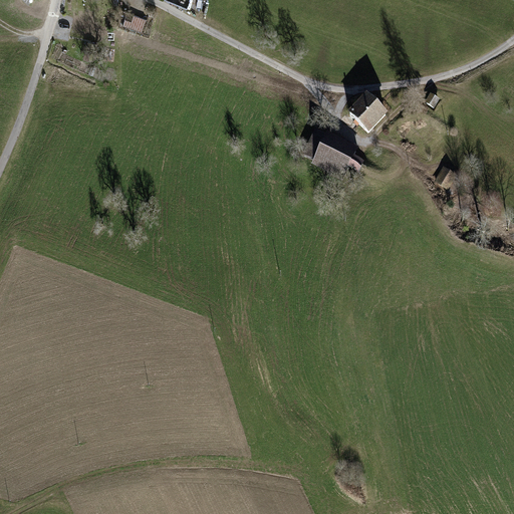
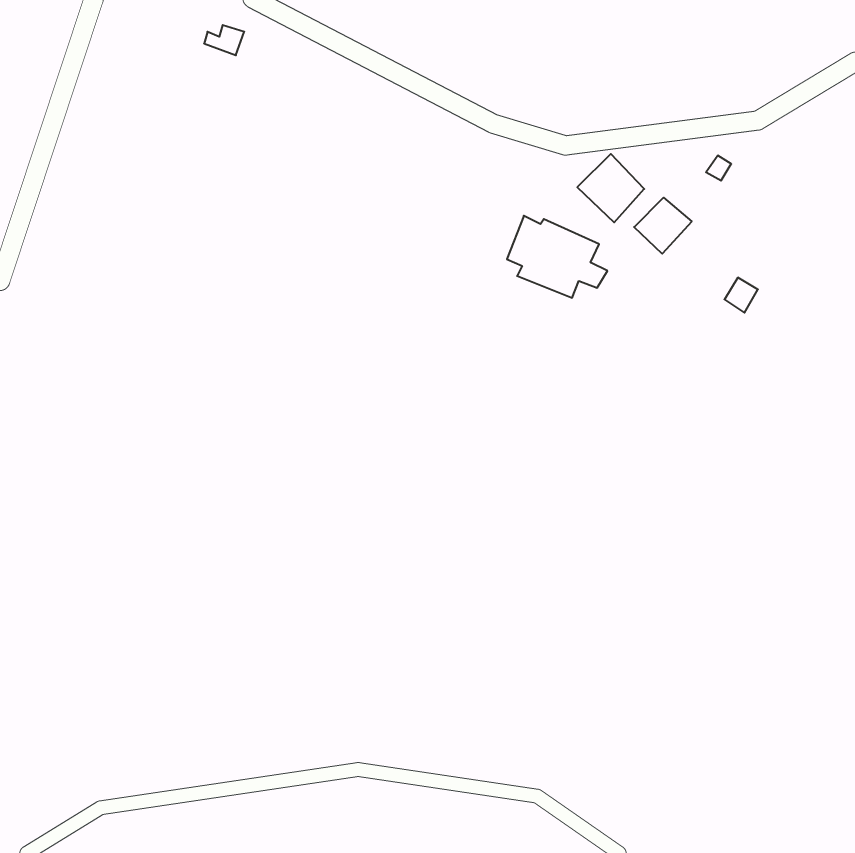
building: none -> [634,198,692,254]

